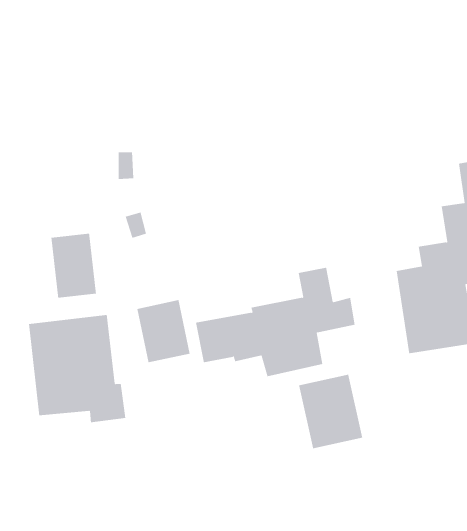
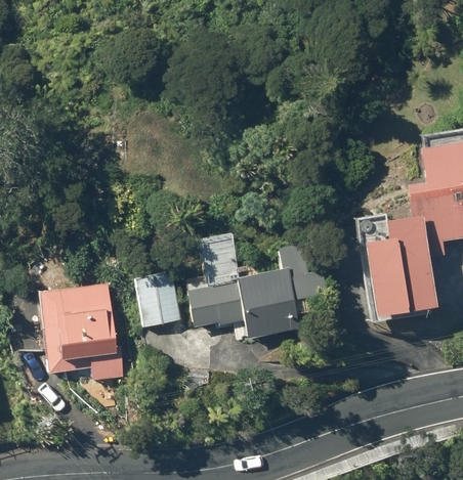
building: [51,233,96,298] -> none
building: [298,374,363,449] -> none

